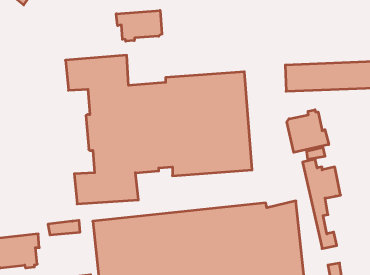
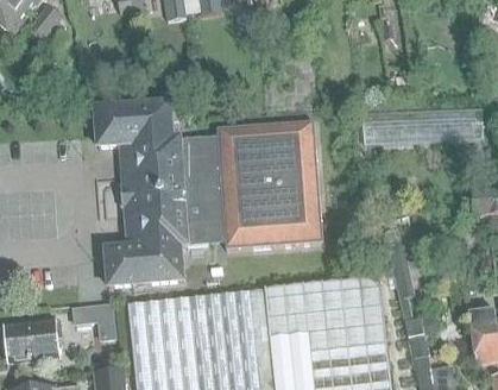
building: [116,10,162,41] -> none
building: [287,110,329,152] -> none

